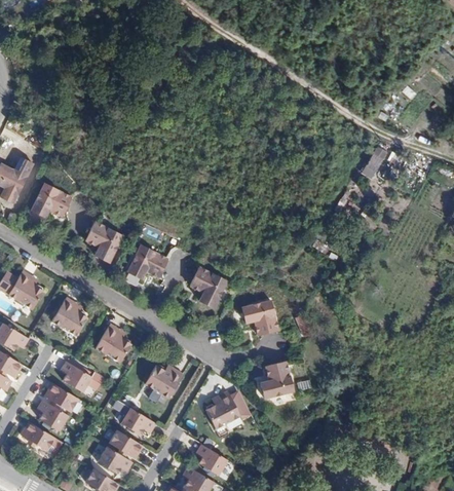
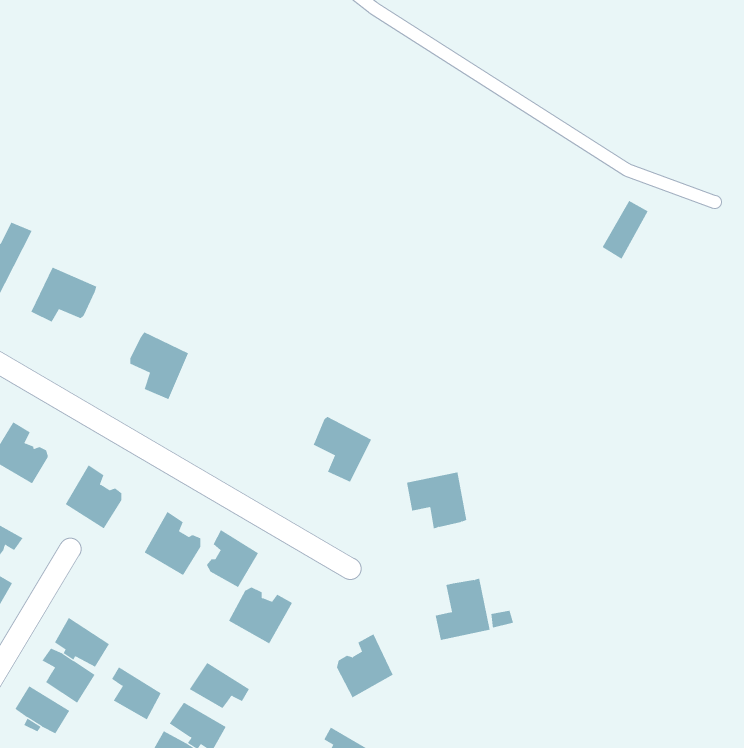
building: [129,245,166,278] -> none
building: none -> [206,529,259,588]
building: [61,361,89,391] -> [111,666,161,720]

